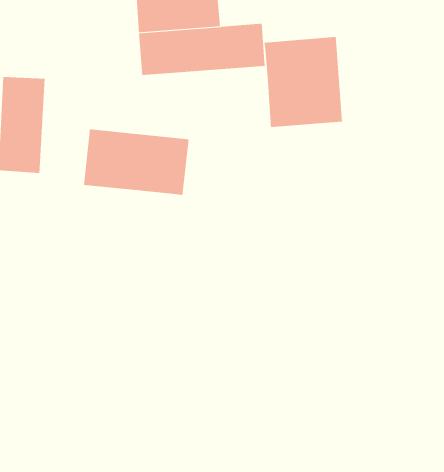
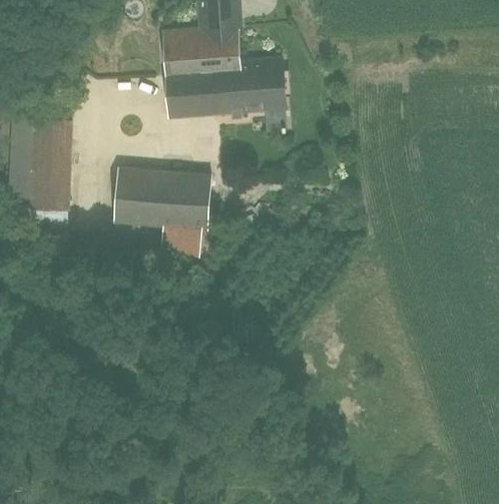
building: [264,36,343,128] -> none
building: none -> [161,225,200,257]

